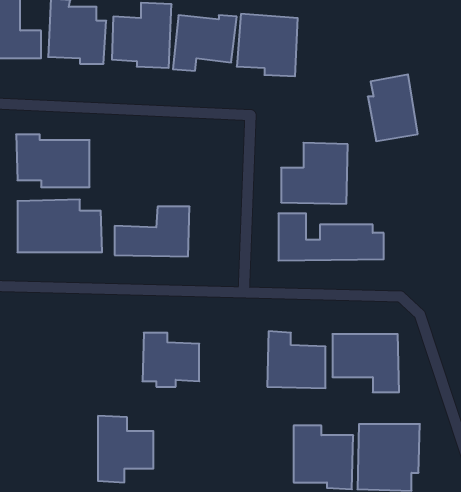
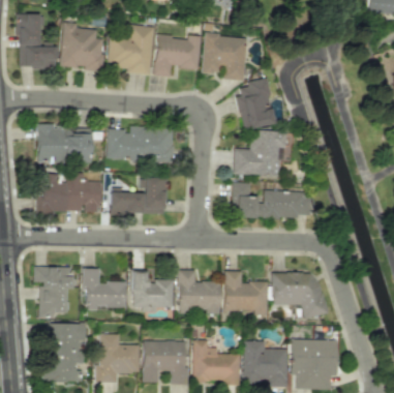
building: [368,74,418,141] -> [238,79,275,128]
building: none -> [108,126,175,160]
building: none -> [34,266,72,318]
building: none -> [85,268,127,309]
building: none -> [178,270,221,313]
building: none -> [44,323,87,383]
building: none -> [193,339,241,385]
building: none -> [143,340,188,384]

